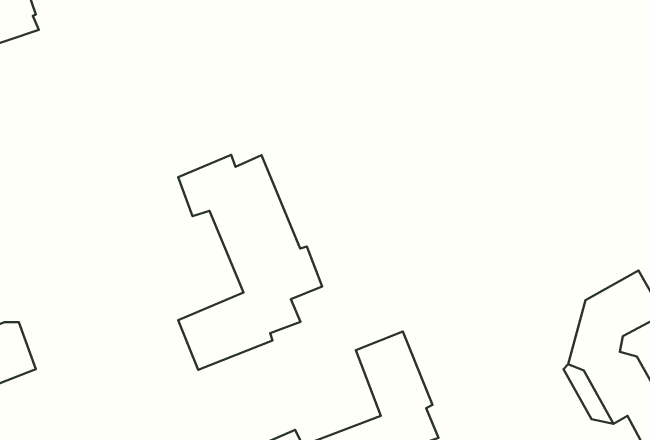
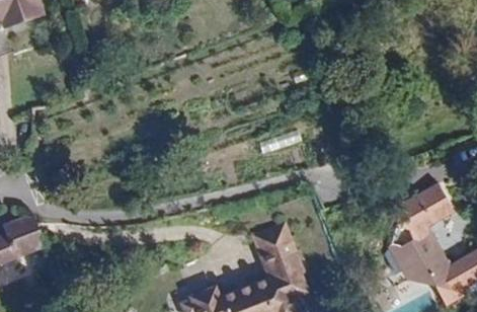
building: [178,155,322,370] -> none

